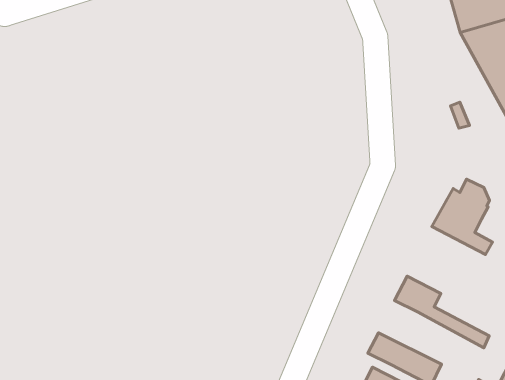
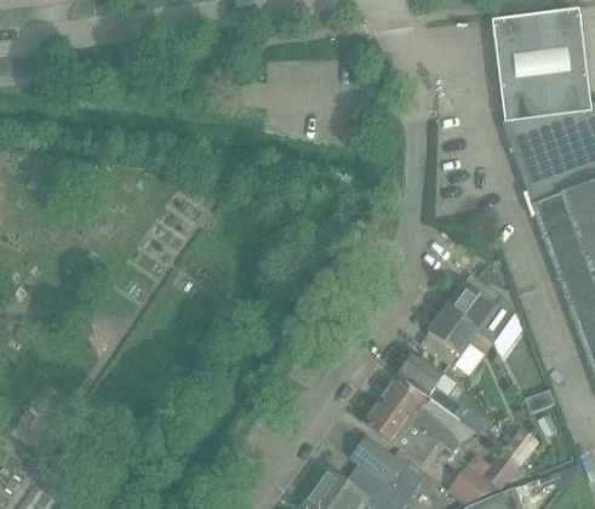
building: none -> [423,305,496,364]
building: none -> [379,376,462,448]

